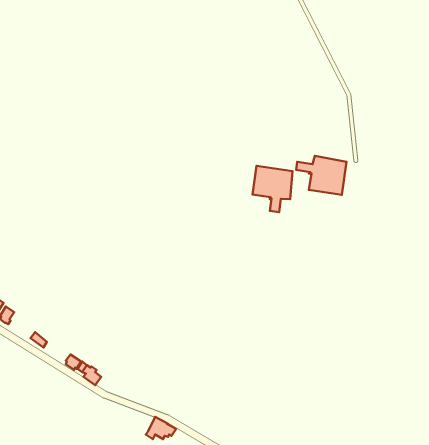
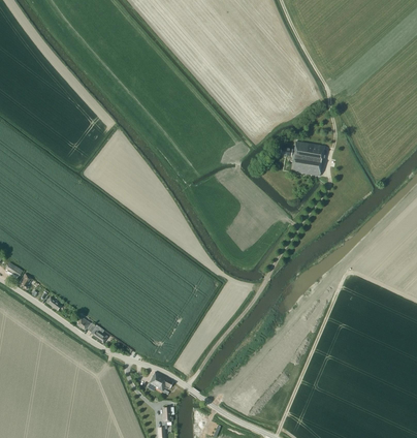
building: [252,166,293,212] -> none

